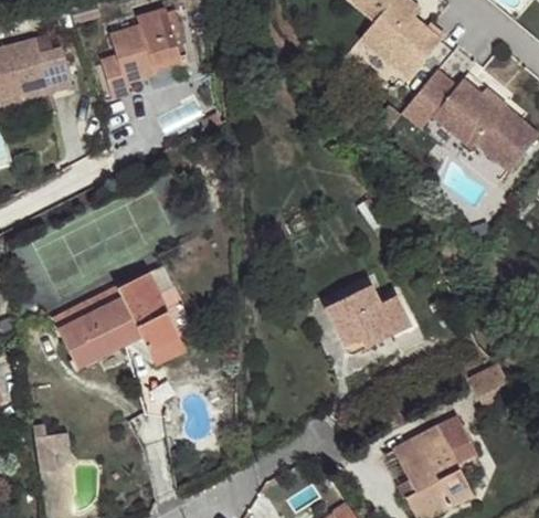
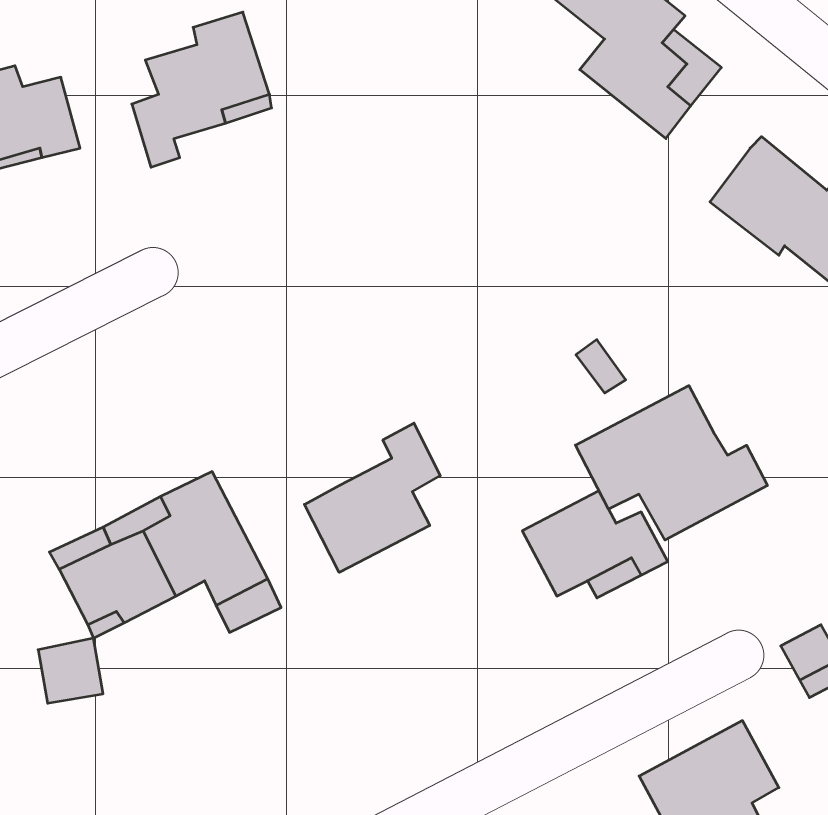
building: [403,71,457,129] -> none
building: none -> [575,386,767,540]
building: none -> [304,423,440,572]
building: [36,429,74,466] -> [38,638,103,703]

